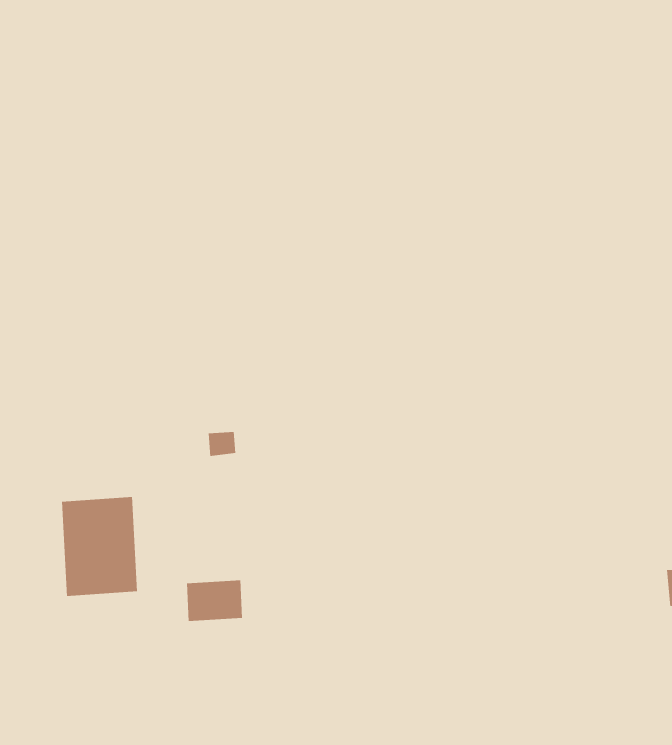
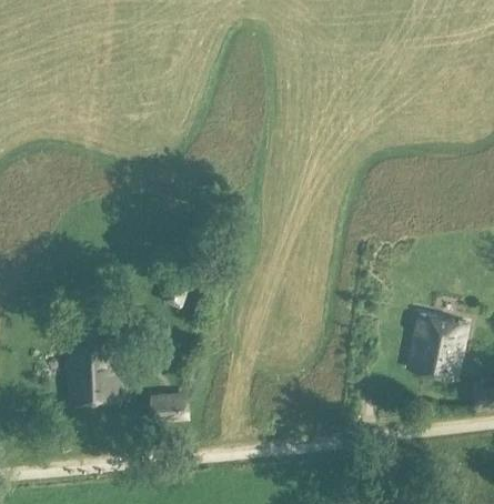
building: none -> [409,316,466,379]

